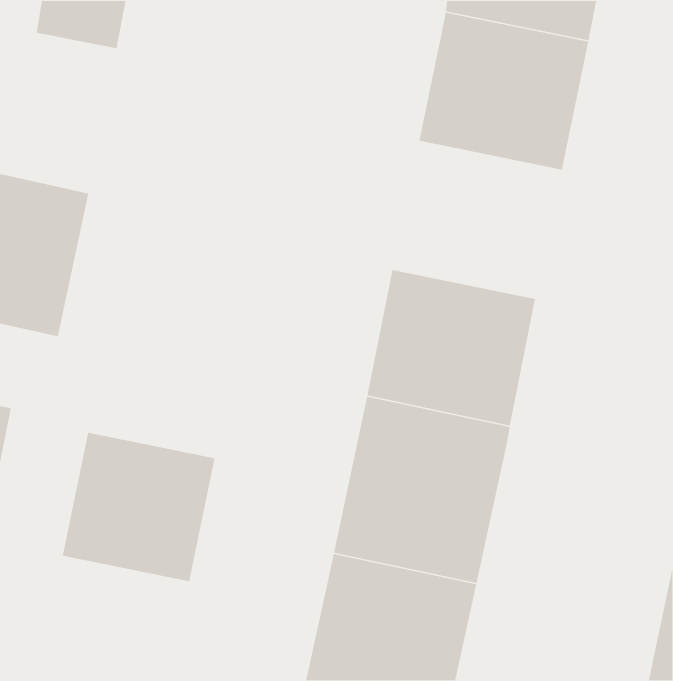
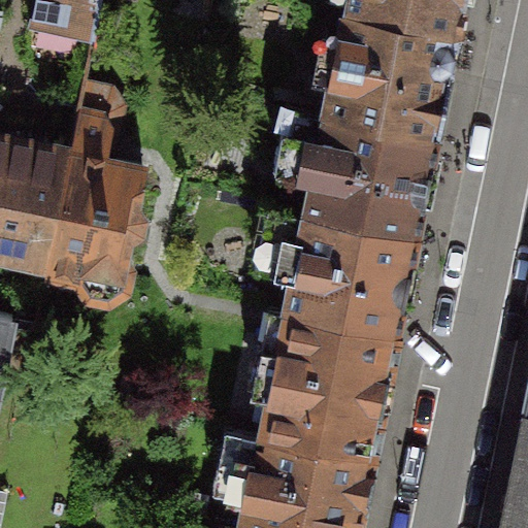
building: none -> [45,91,142,300]
building: none -> [303,109,435,231]
building: [62,432,215,582] -> none

